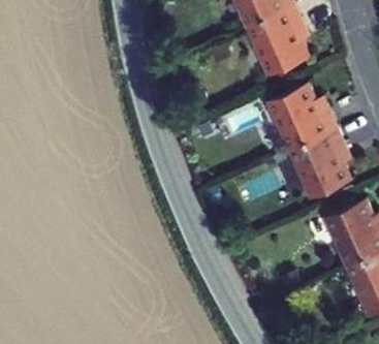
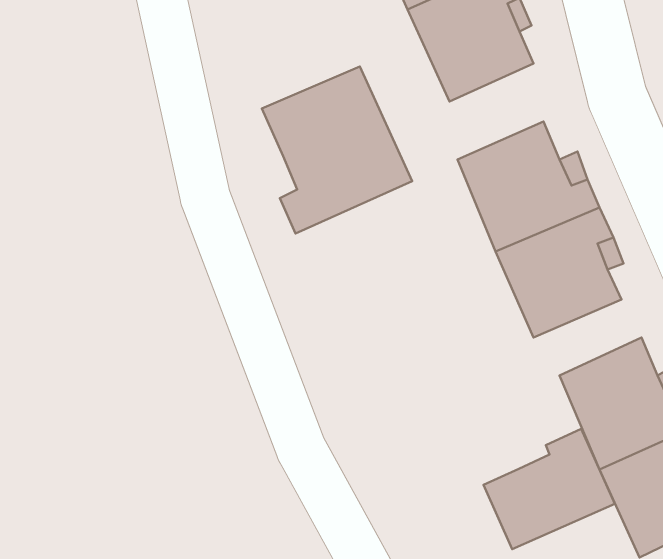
building: none -> [262,67,412,233]
building: none -> [484,429,615,549]

